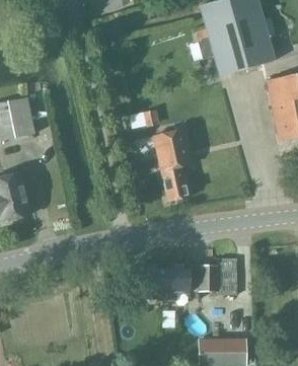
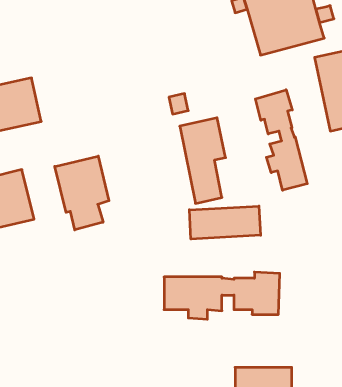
building: none -> [255,90,307,190]
building: none -> [55,156,109,230]
building: none -> [189,206,261,239]

